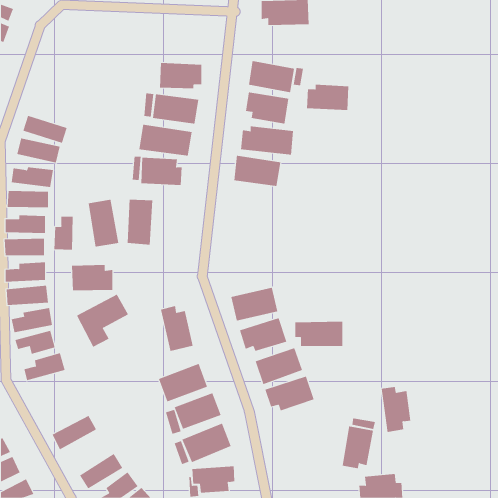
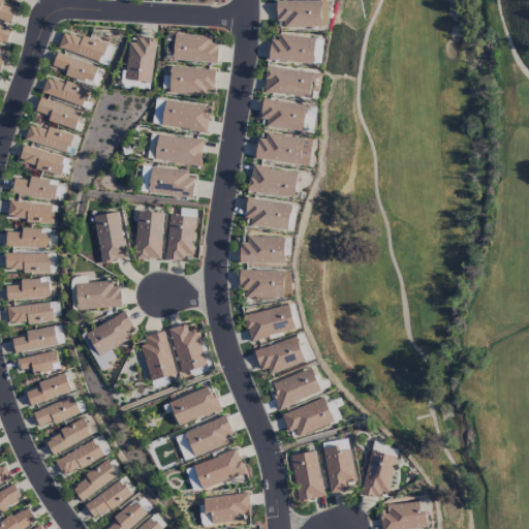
building: none -> [59,30,114,65]
building: none -> [174,33,218,62]
building: none -> [126,34,157,83]
building: none -> [53,53,103,87]
building: none -> [41,75,89,107]
building: [306,84,349,110] -> [270,34,315,62]
building: none -> [36,97,82,129]
building: none -> [245,197,291,229]
building: none -> [167,215,195,258]
building: [54,216,73,250] -> none
building: none -> [240,236,285,262]
building: none -> [139,332,177,380]
building: [294,321,343,346] -> [240,270,291,297]
building: none -> [33,395,81,427]
building: [381,387,411,433] -> [323,444,355,493]
building: none -> [45,421,92,453]
building: none -> [291,450,323,500]
building: none -> [71,460,117,501]

